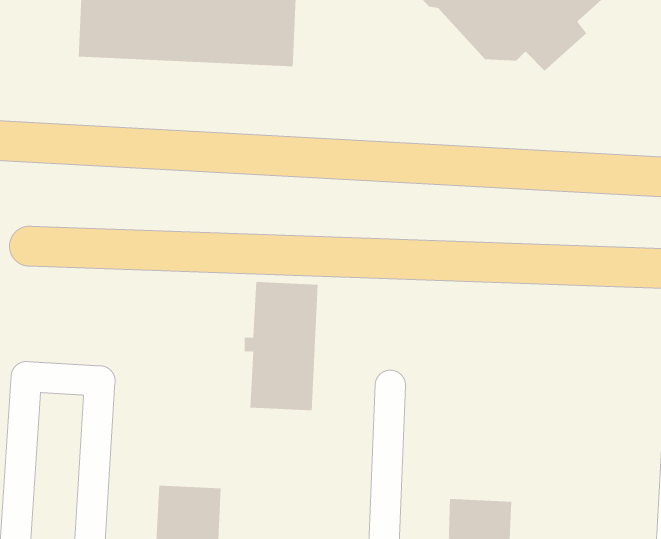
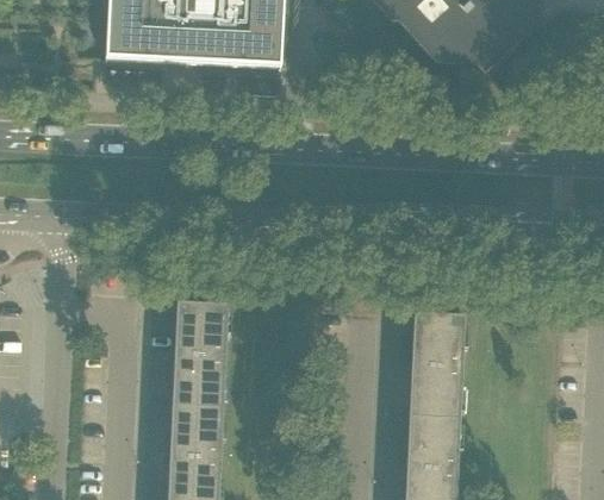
building: [244,282,319,411] -> [167,304,228,408]
building: none -> [404,314,463,419]

